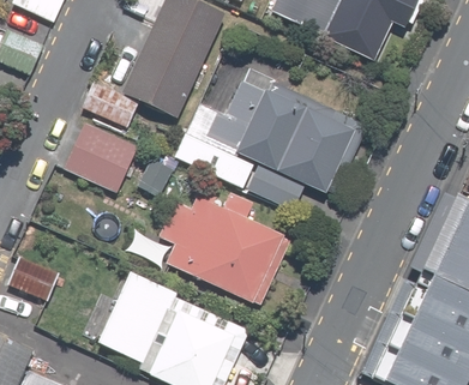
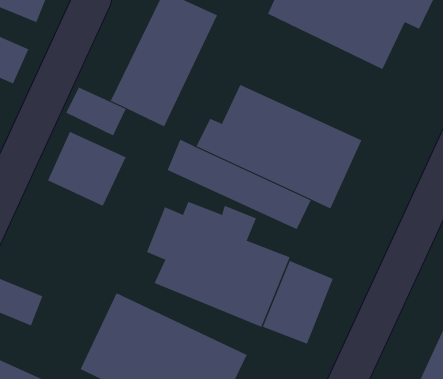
building: none -> [262,260,334,345]

